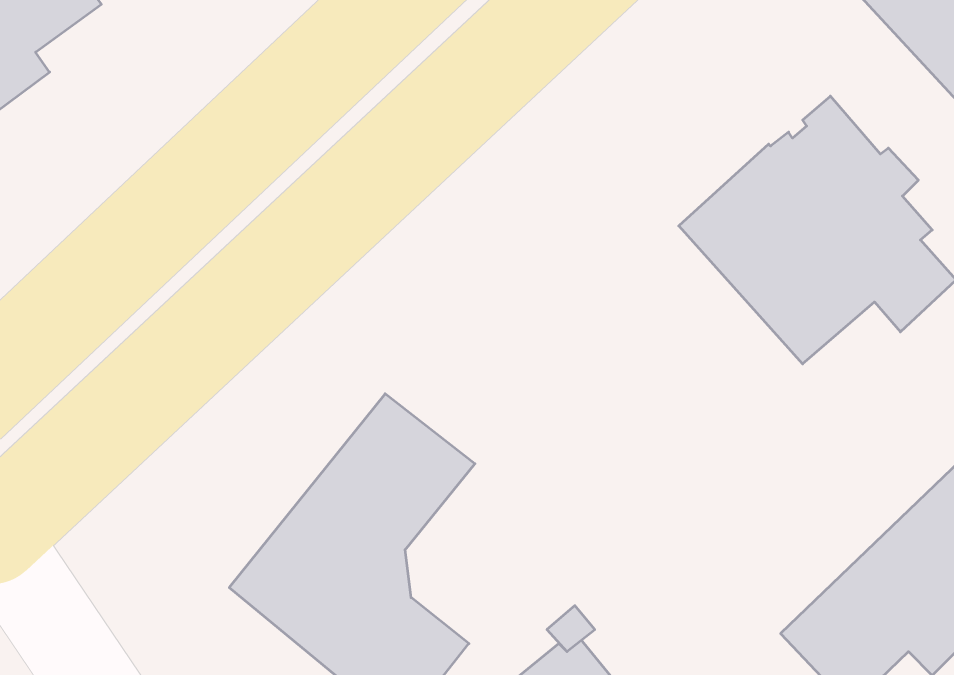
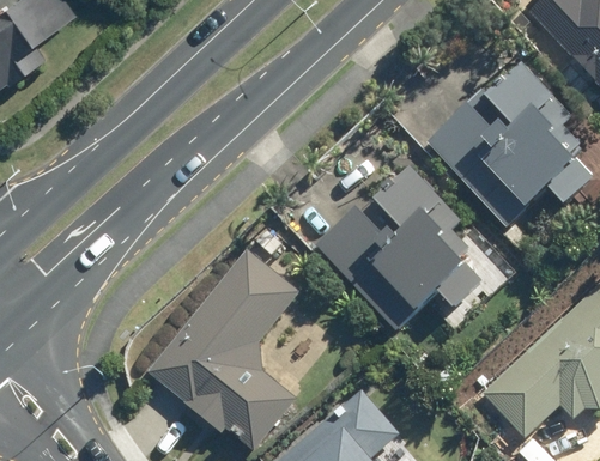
building: none -> [319,165,485,327]

